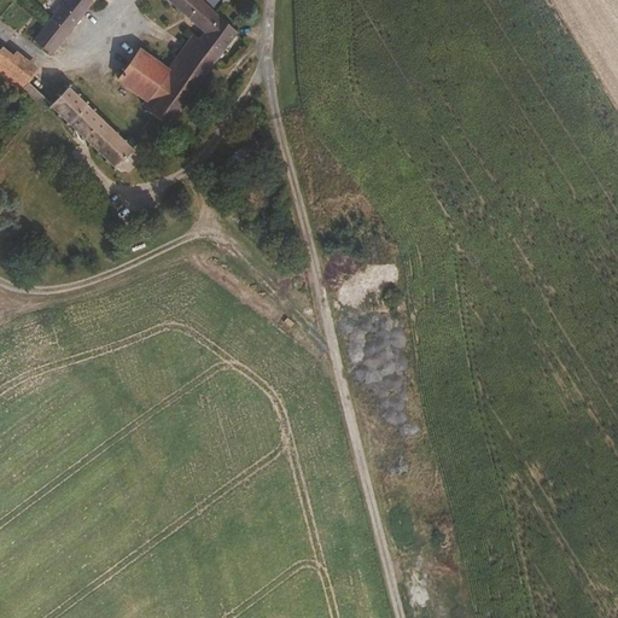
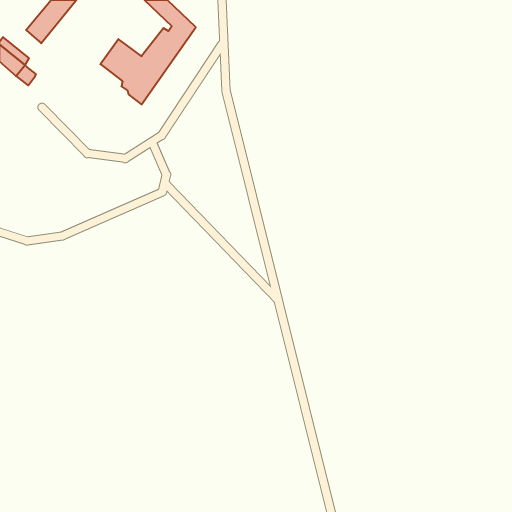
building: [51,78,139,168] -> none

